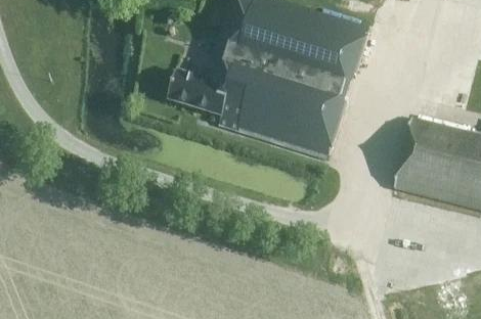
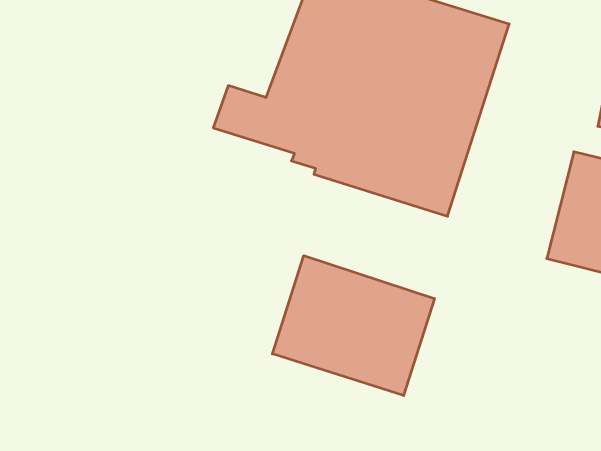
building: none -> [272,256,434,396]

